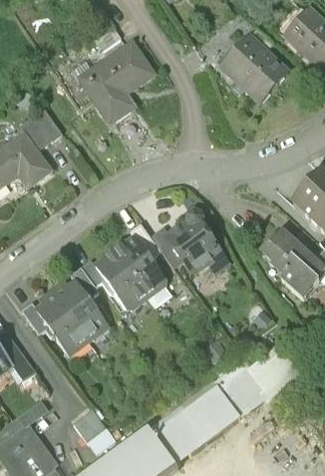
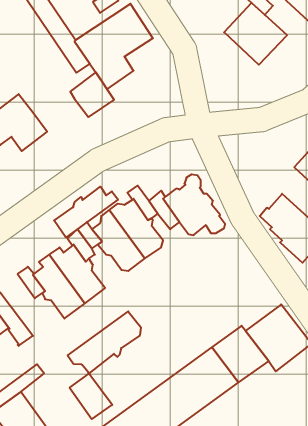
building: [18,105,61,150] -> [70,72,114,117]
building: none -> [54,187,118,237]
building: none -> [68,311,141,373]

